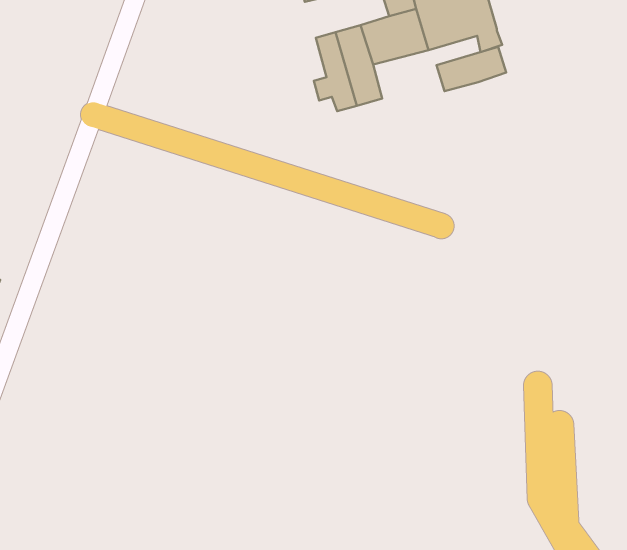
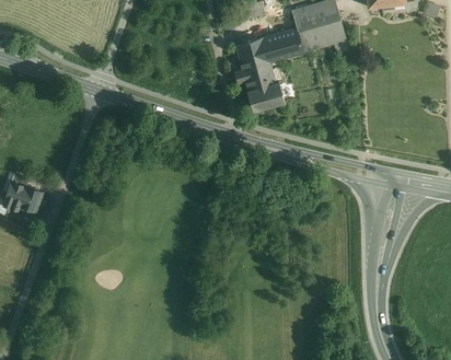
building: [437,47,506,91] -> none
building: none -> [247,82,286,113]

